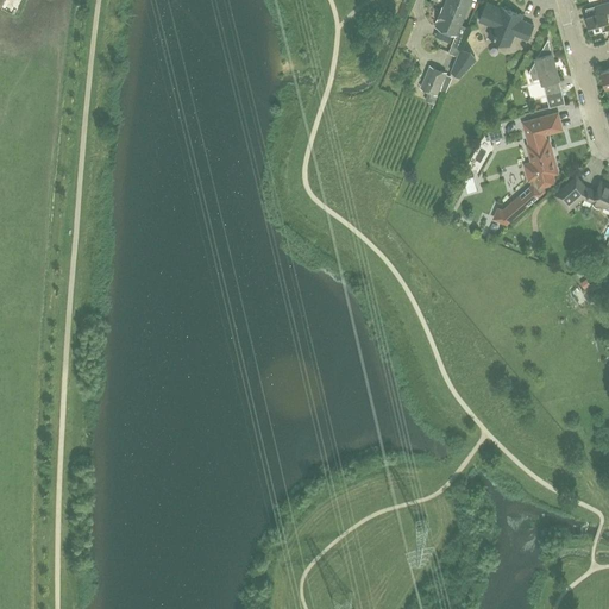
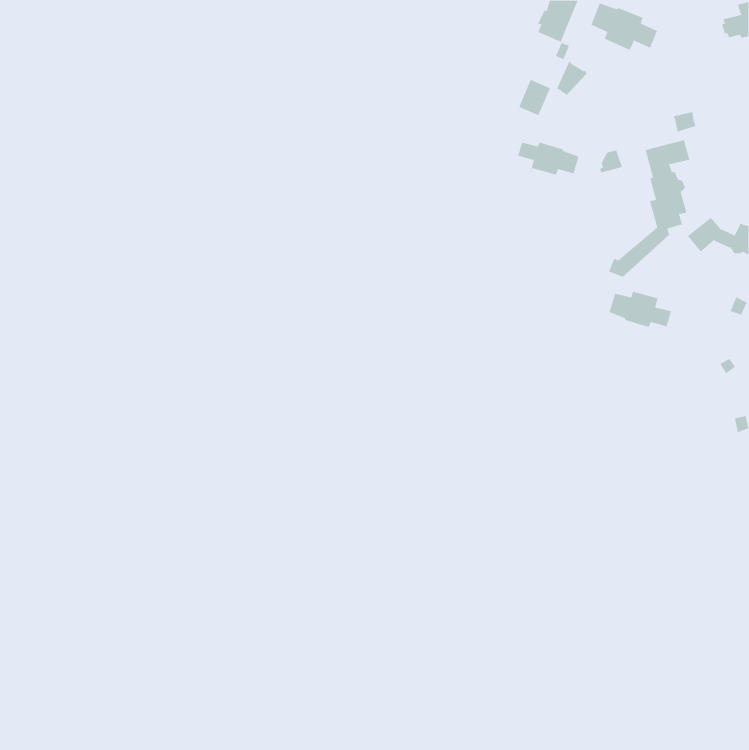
building: [527,38,558,82] -> none
building: none -> [518,142,579,179]
building: none -> [609,287,672,328]

